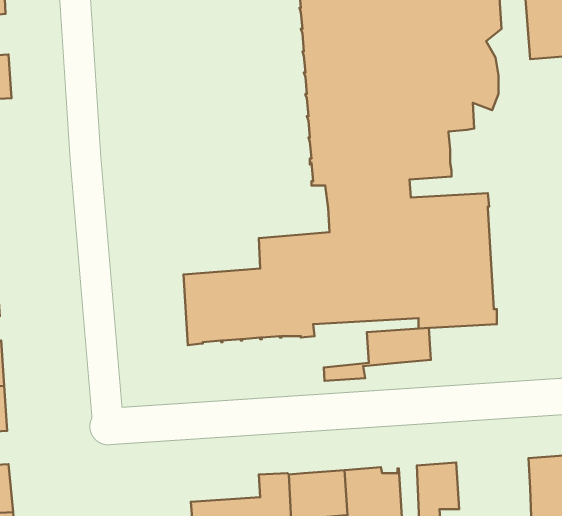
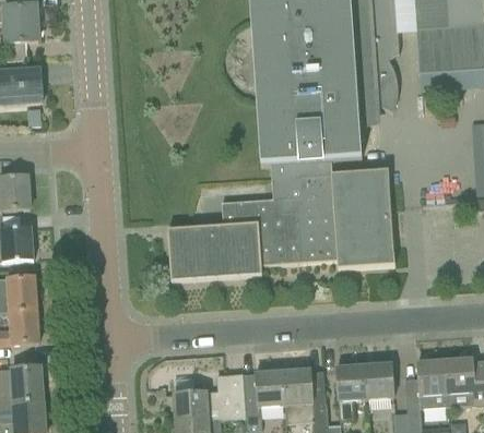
building: [324,328,431,381] -> none
building: none -> [365,362,393,398]

